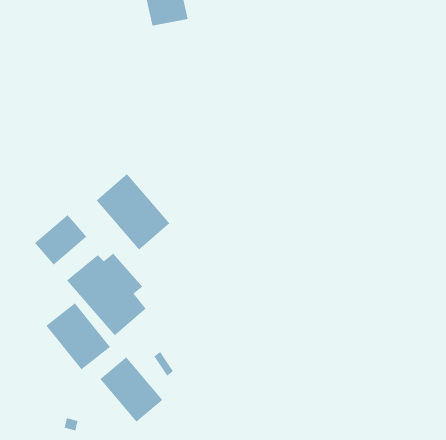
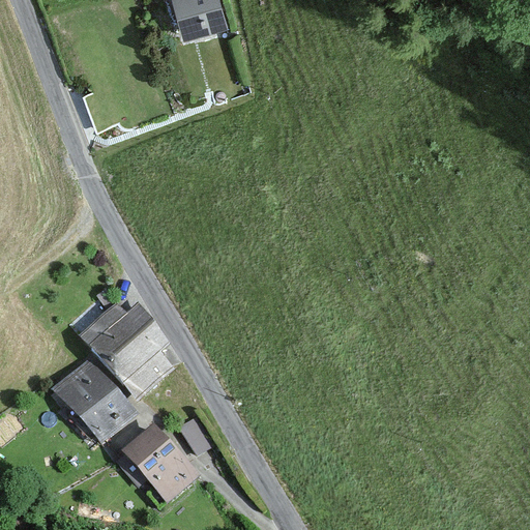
building: [96,173,170,250] -> none
building: [34,214,87,265] -> none

